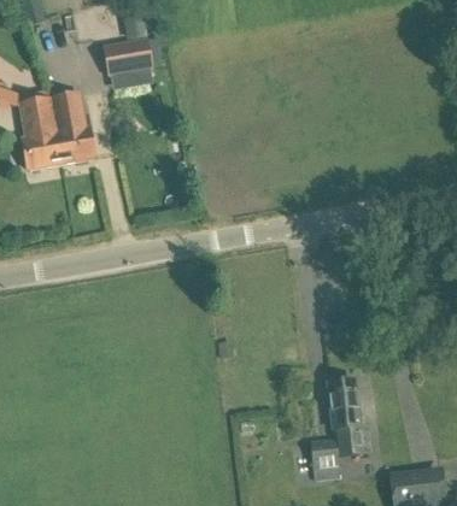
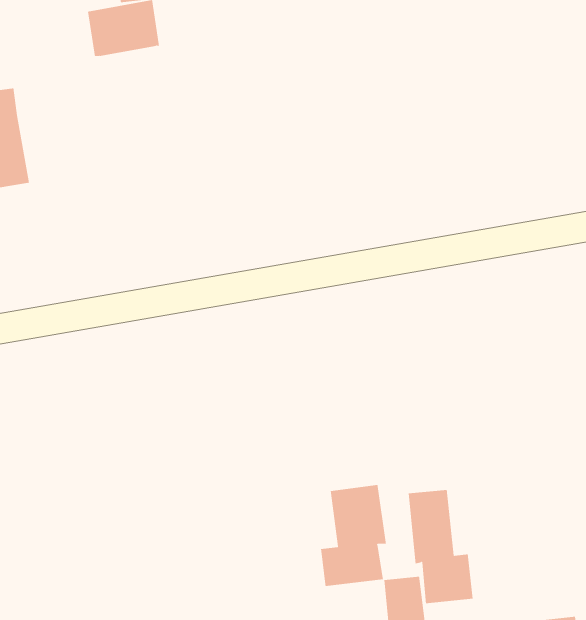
building: [53,94,94,165] -> none
building: none -> [321,484,386,587]

